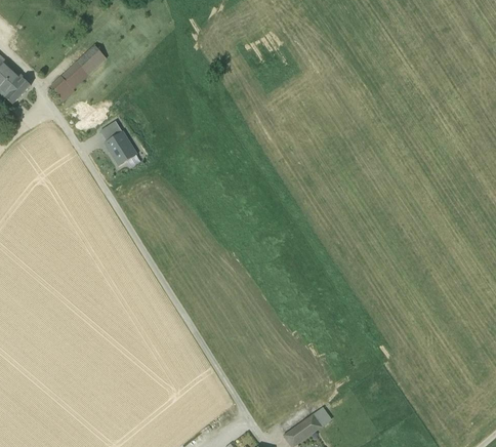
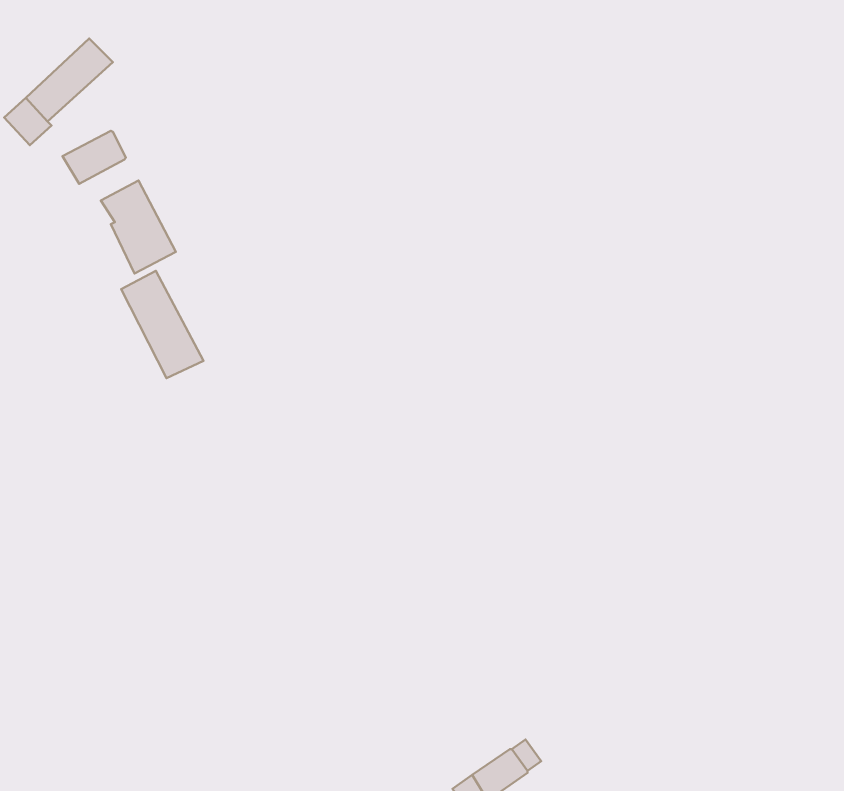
building: none -> [63,131,126,184]
building: none -> [121,271,203,378]

